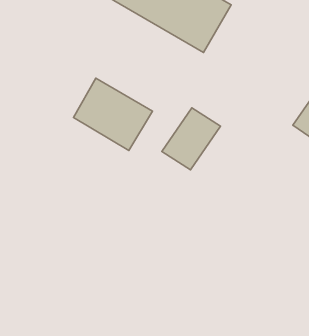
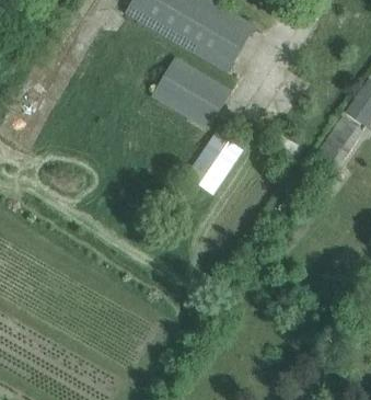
building: [74,78,152,150] -> [151,56,232,130]

